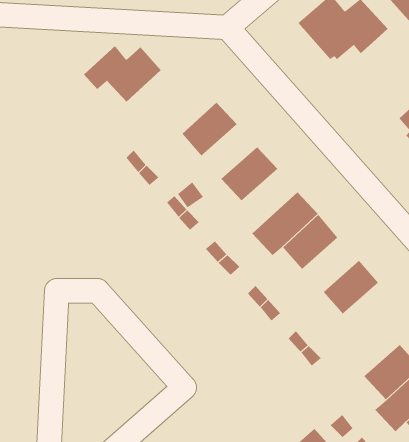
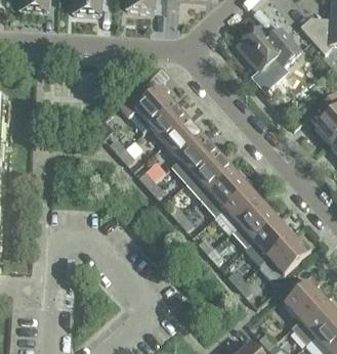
building: [83,45,161,102] -> [118,85,175,127]
building: none -> [164,120,205,160]
building: none -> [187,152,235,200]
building: none -> [238,203,280,242]
building: none -> [267,235,309,276]

